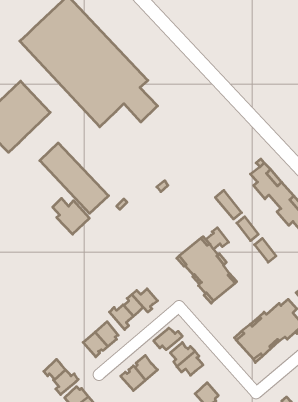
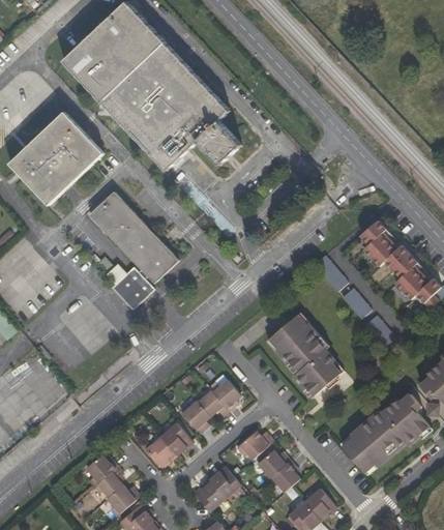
building: [206,228,229,249] -> none
building: none -> [85,454,115,487]
building: none -> [304,489,335,520]

